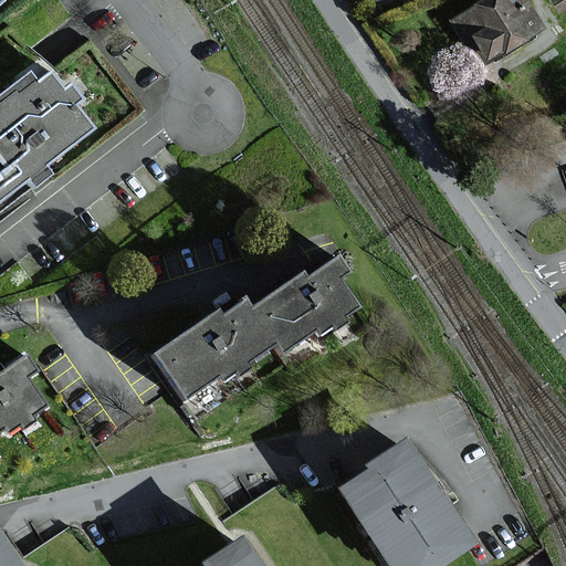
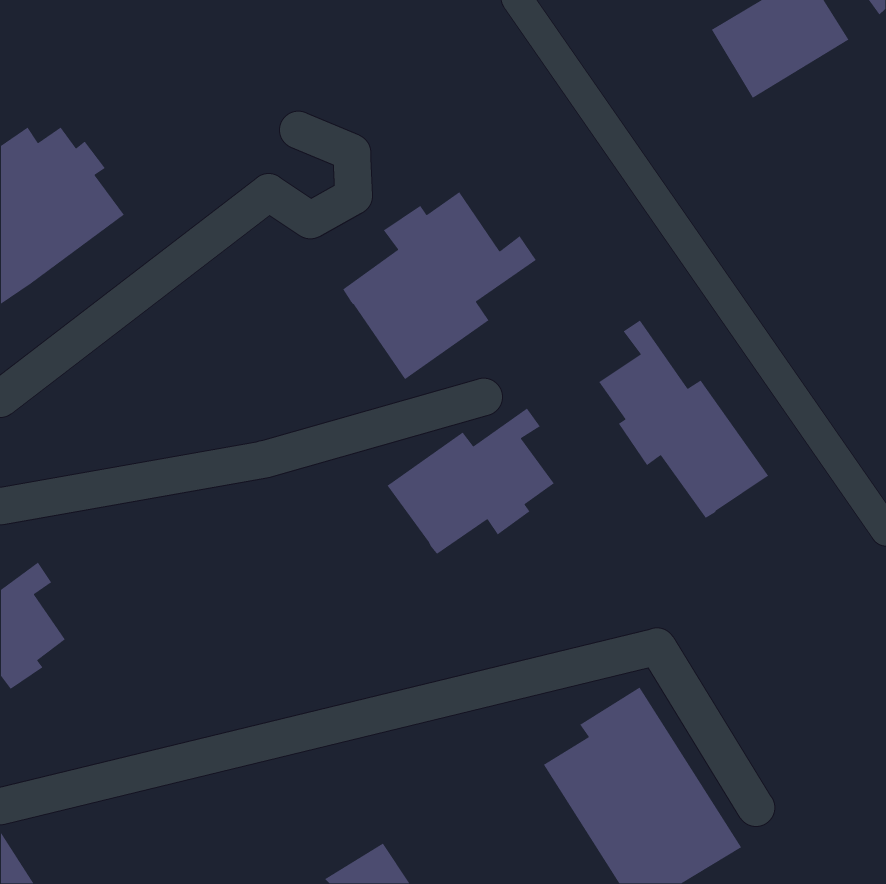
building: none -> [342,191,537,380]
building: none -> [598,319,769,519]
building: [148,301,273,400] -> none

